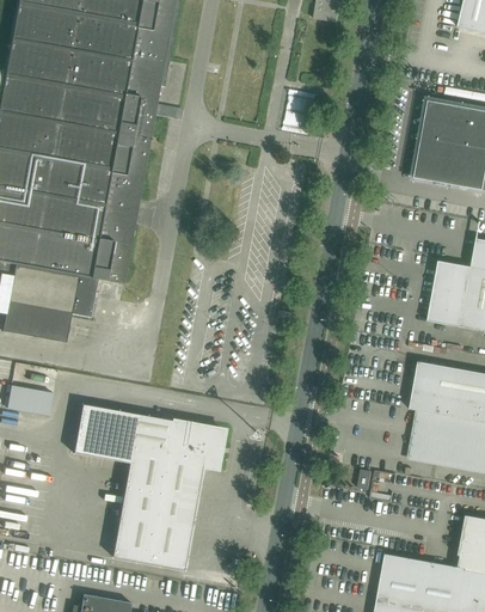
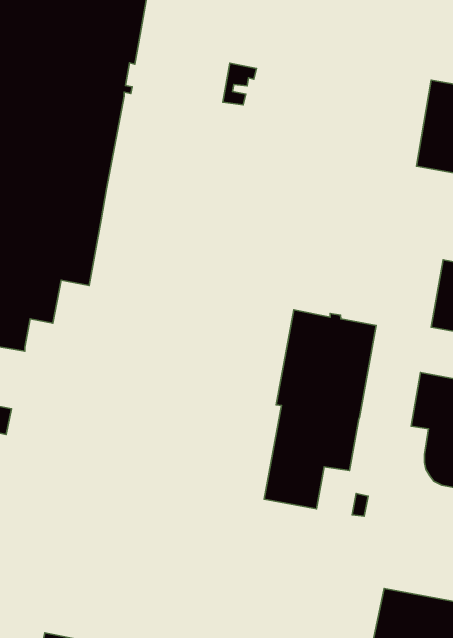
building: [284,88,314,126] -> [223,63,257,105]
building: none -> [264,310,376,509]
building: [74,405,225,569] -> none

